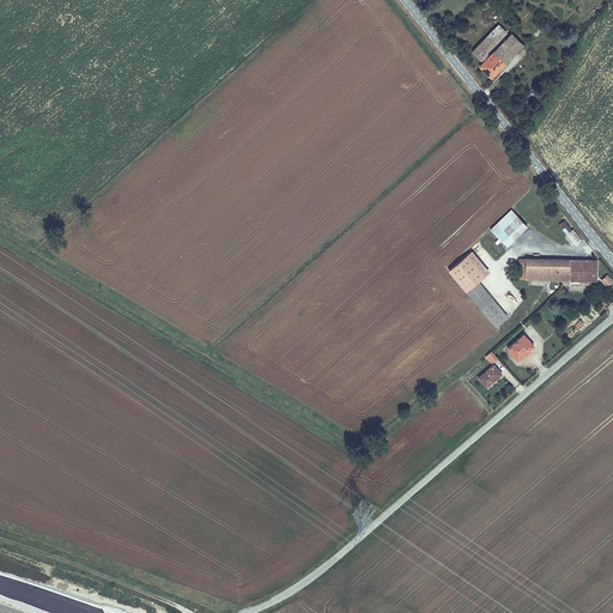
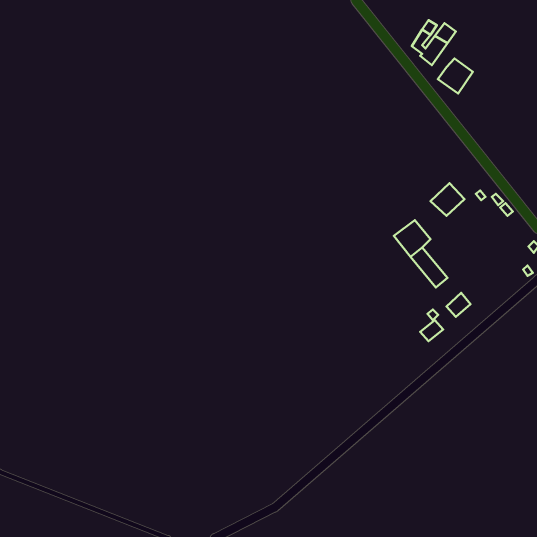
building: none -> [438,58,473,94]
building: [518,259,600,283] -> none

